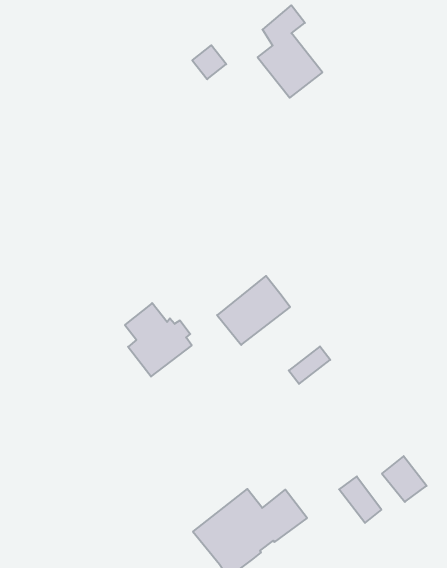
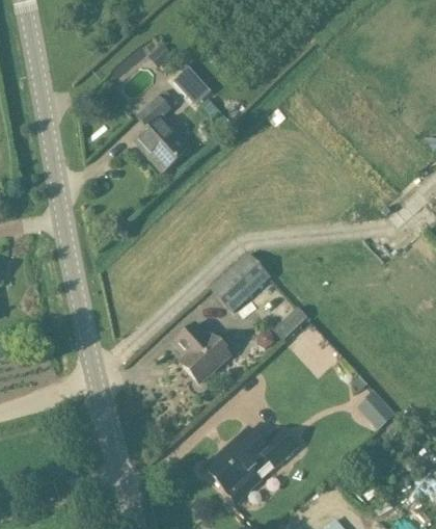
building: [258,5,322,98] -> [136,96,190,171]
building: [125,303,192,377] -> [174,322,230,382]
building: [339,476,381,523] -> none

